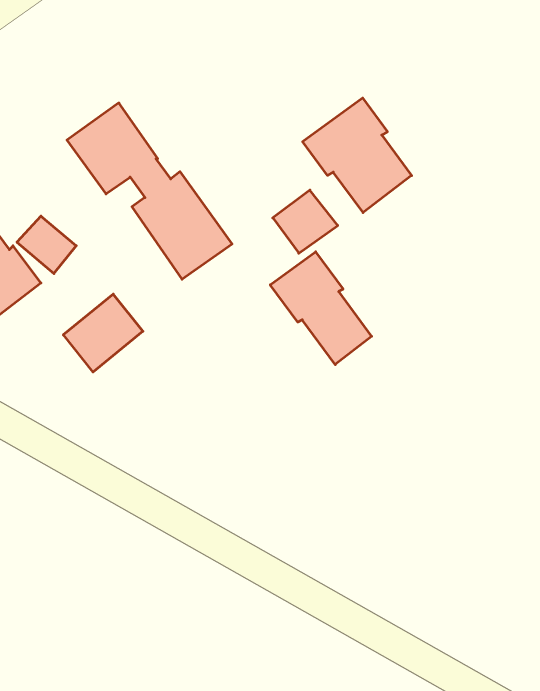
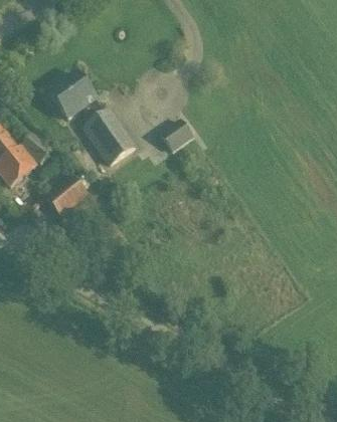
building: [303,98,412,213] -> none
building: [270,252,372,365] -> none

